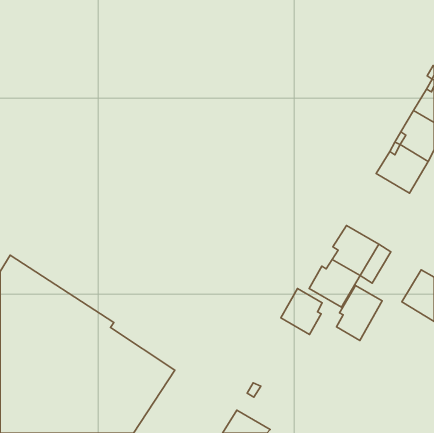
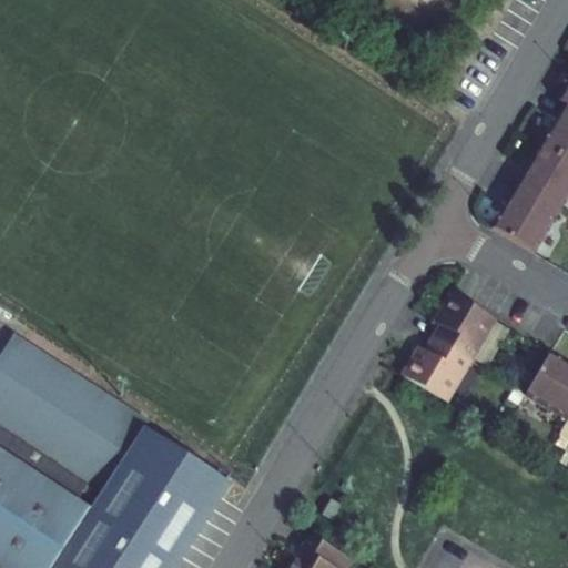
building: [337,285,382,340] -> none
building: [281,288,322,334] -> none

